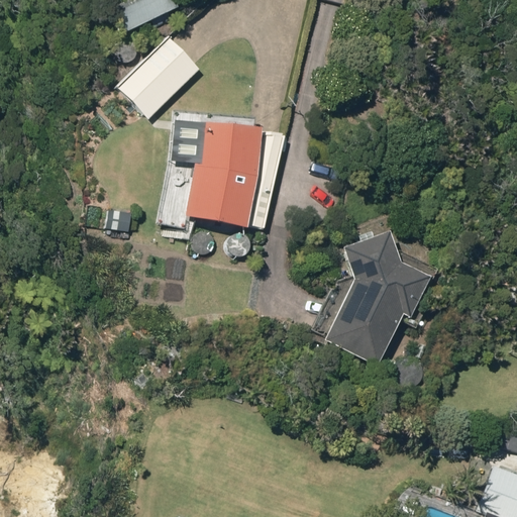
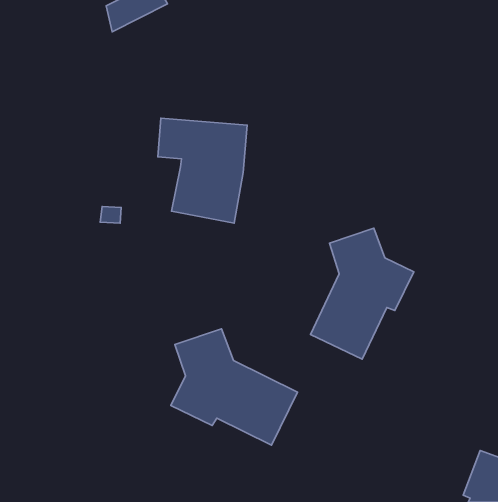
building: [120,34,202,115] -> none
building: none -> [171,329,297,445]

